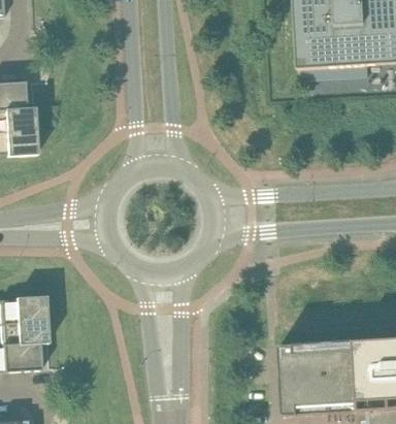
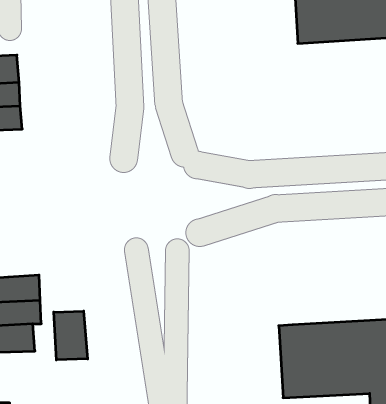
building: none -> [54,311,88,360]

